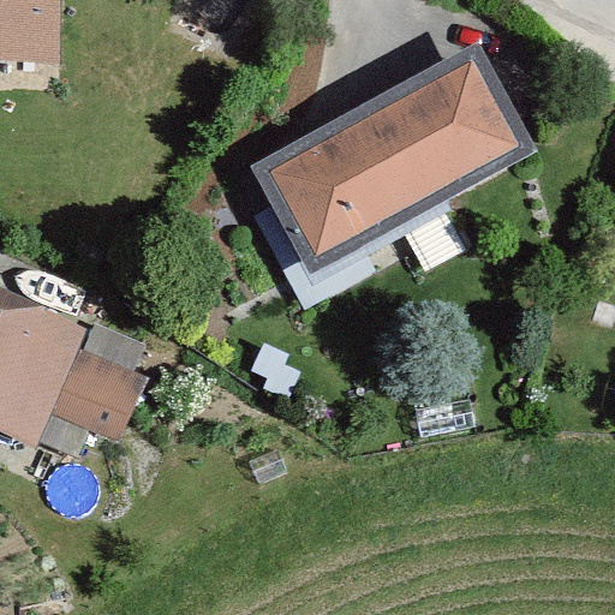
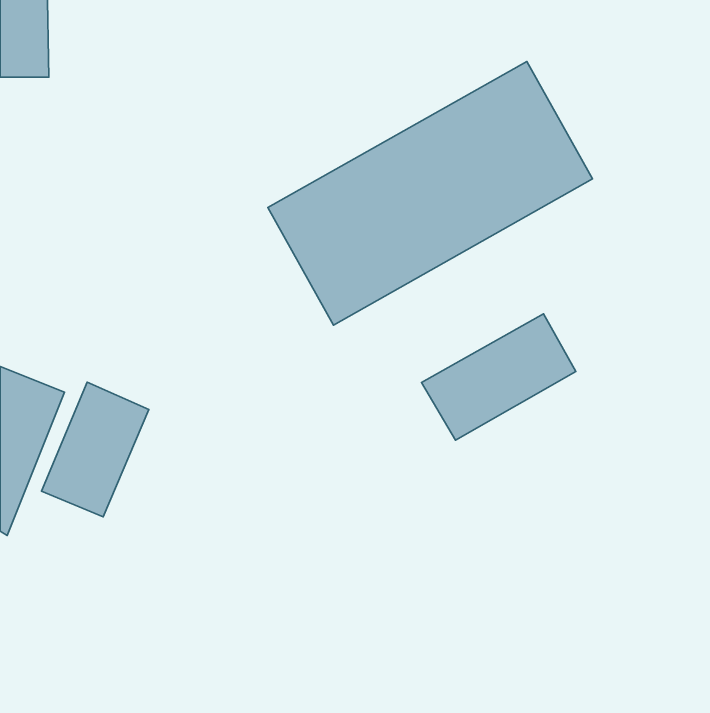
building: none -> [421,314,576,440]

